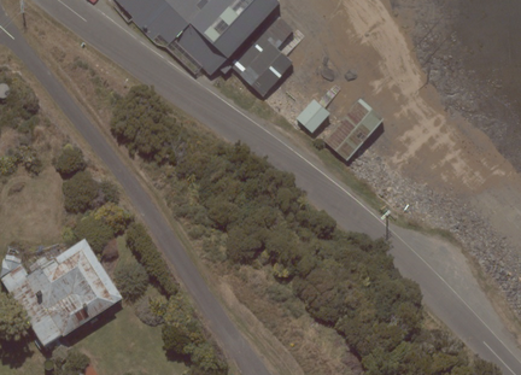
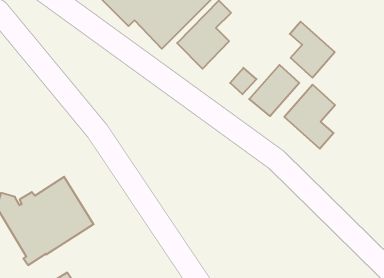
building: none -> [290,22,335,78]
building: none -> [284,85,335,149]

